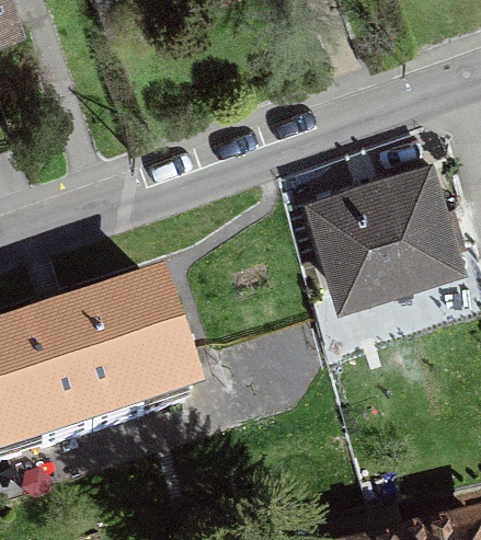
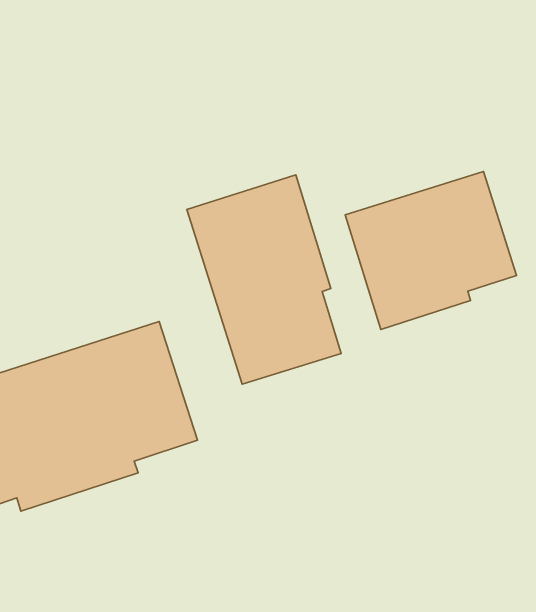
building: none -> [187,175,341,384]

